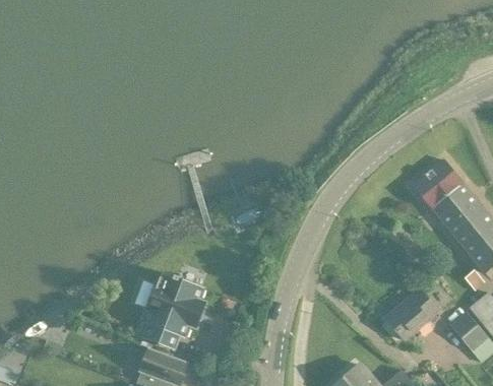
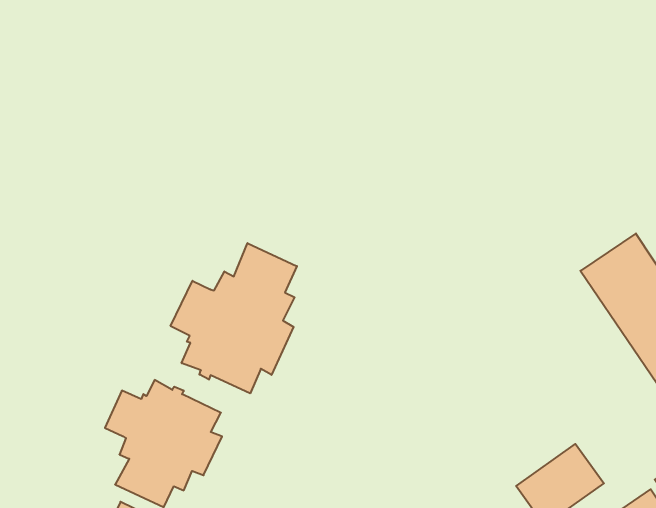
building: none -> [171,243,297,393]

